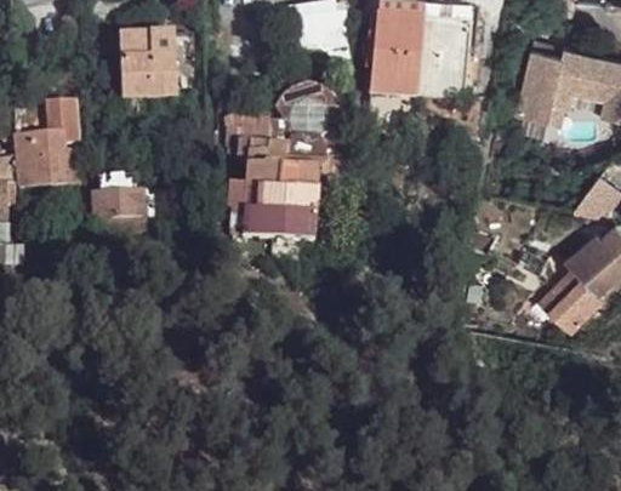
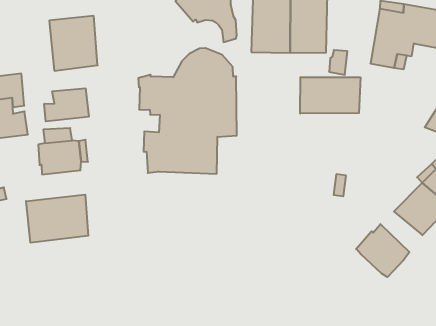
building: none -> [44,88,89,121]
building: none -> [300,77,360,114]
building: none -> [26,195,88,243]
building: none -> [356,224,409,277]

